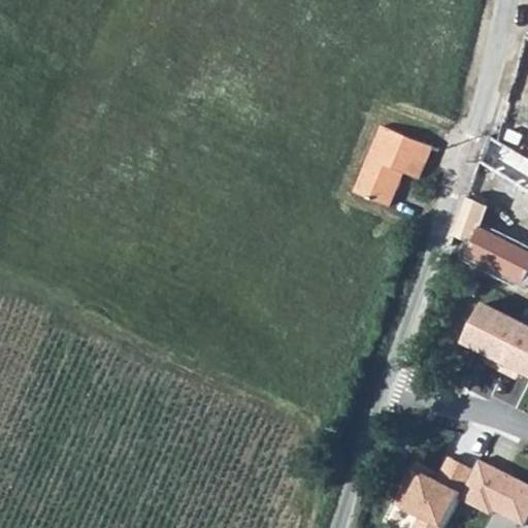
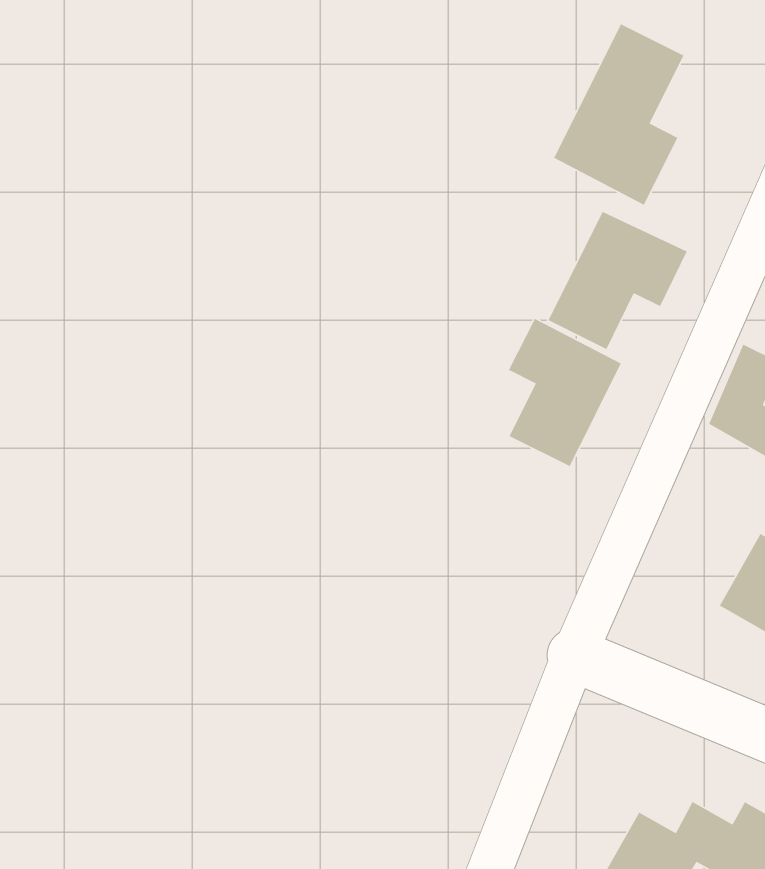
building: none -> [553,23,685,206]
building: none -> [508,318,622,467]

